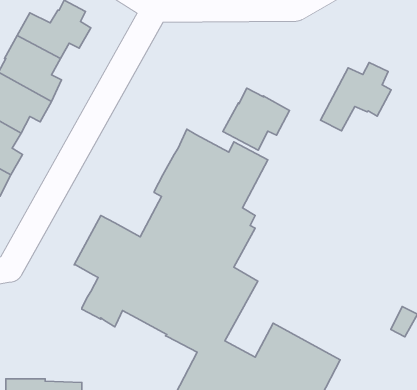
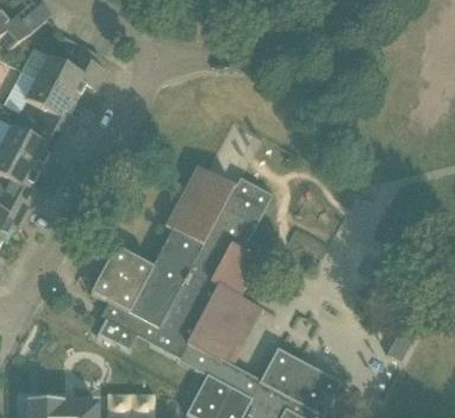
building: [320,62,391,131] -> none
building: [223,88,290,150] -> none

